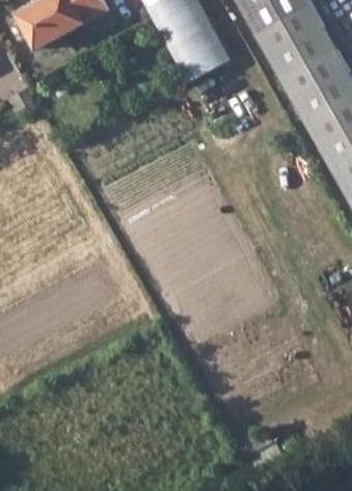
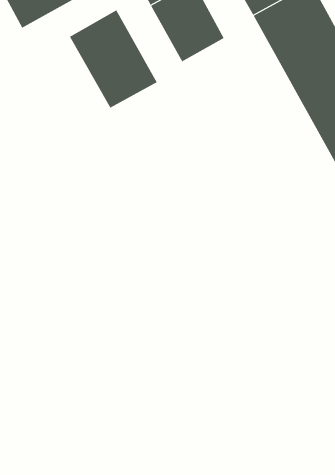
building: none -> [69,10,157,108]

